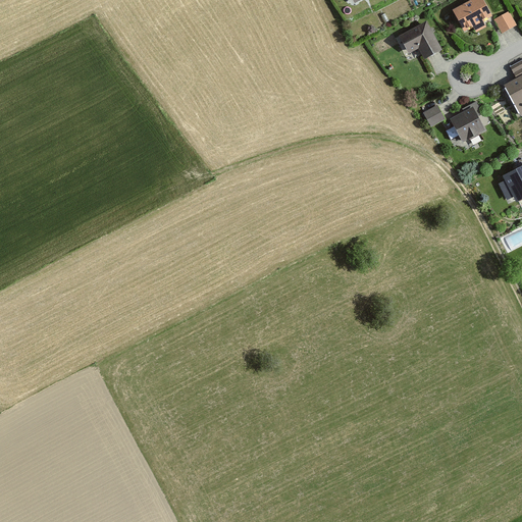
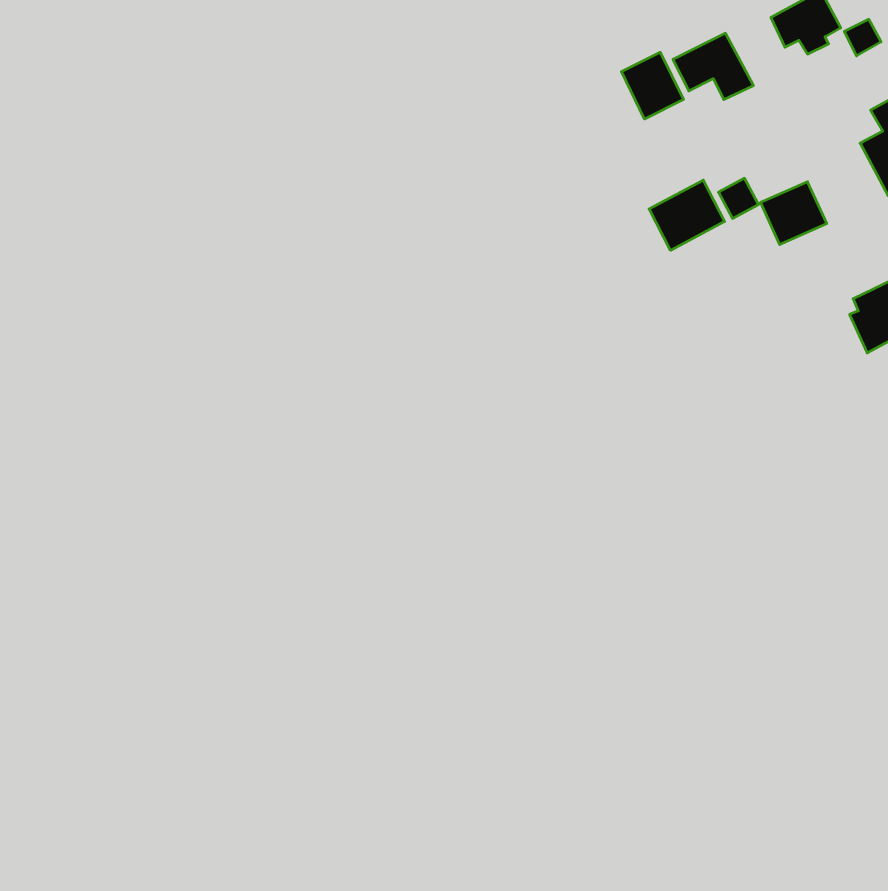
building: none -> [621,52,683,119]
building: none -> [649,180,725,250]

